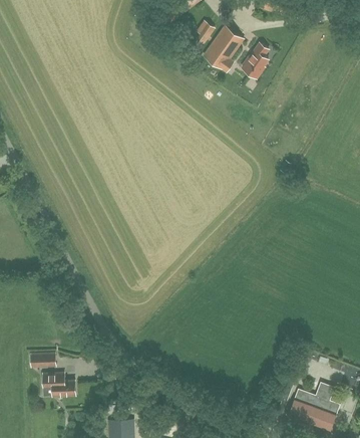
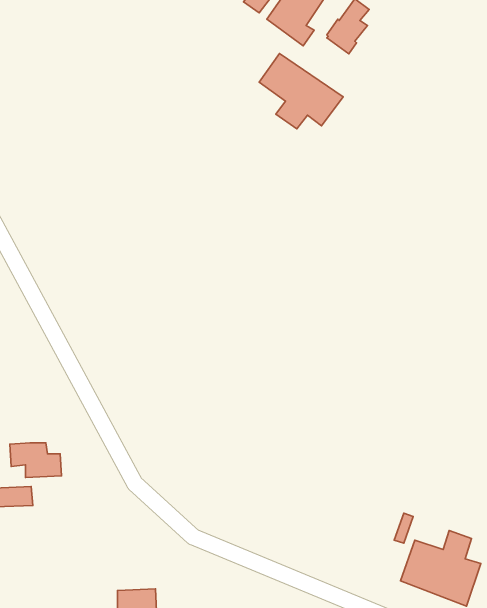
building: none -> [259,54,343,129]
building: [42,373,75,395] -> [10,443,62,477]

